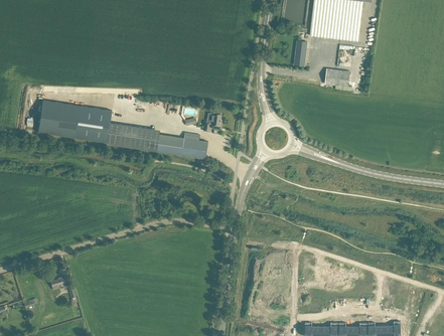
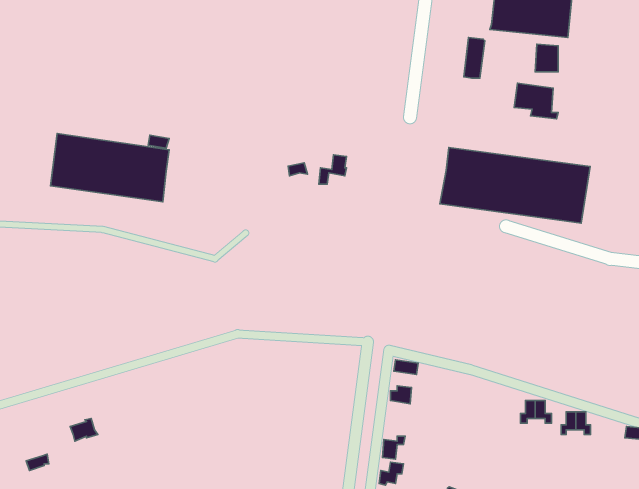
building: none -> [440,147,590,223]
building: [106,123,207,158] -> none

